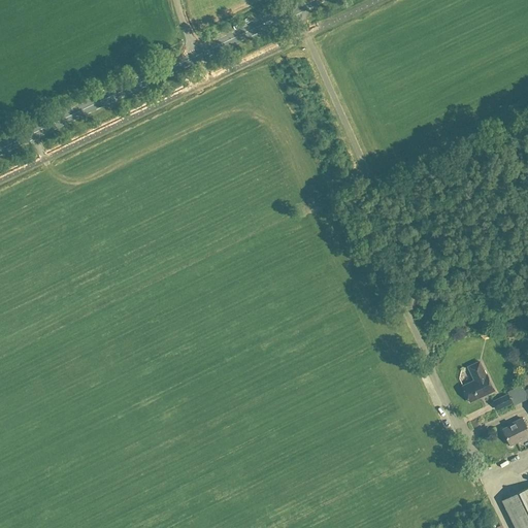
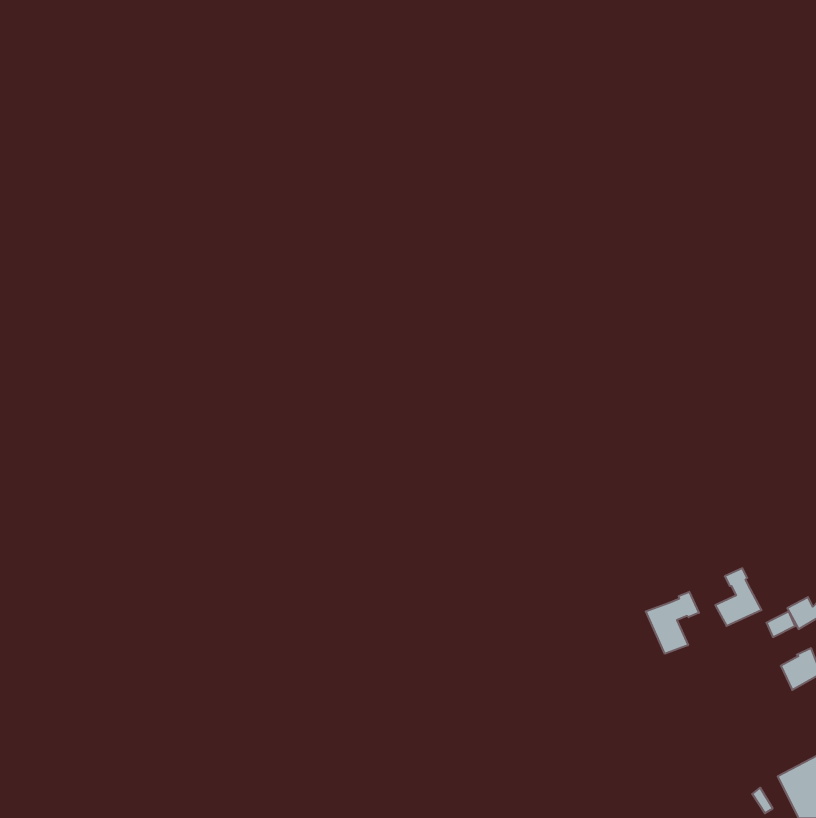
building: none -> [646,592,699,654]

